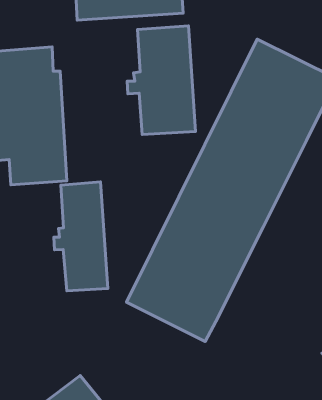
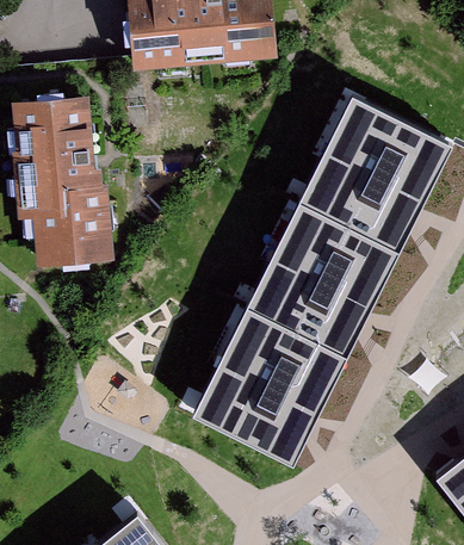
building: [127,26,195,135] -> none
building: [54,182,108,291] -> none

